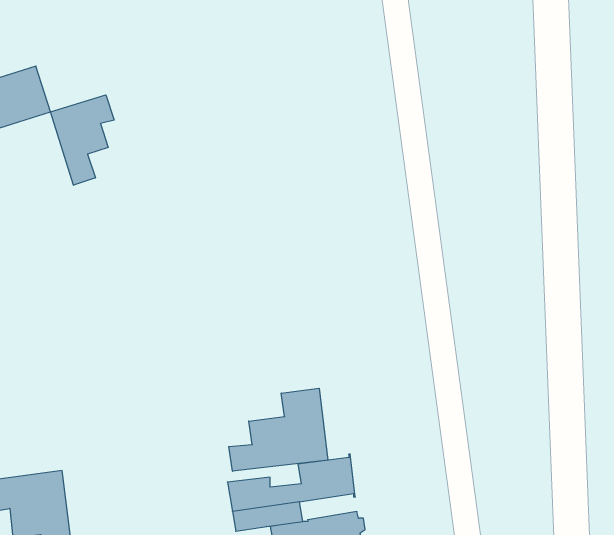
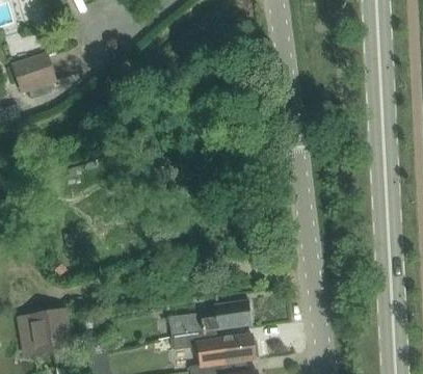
building: [51,95,114,185] -> none
building: [229,388,328,471] -> none

